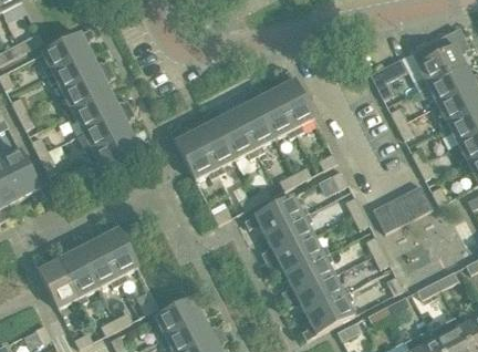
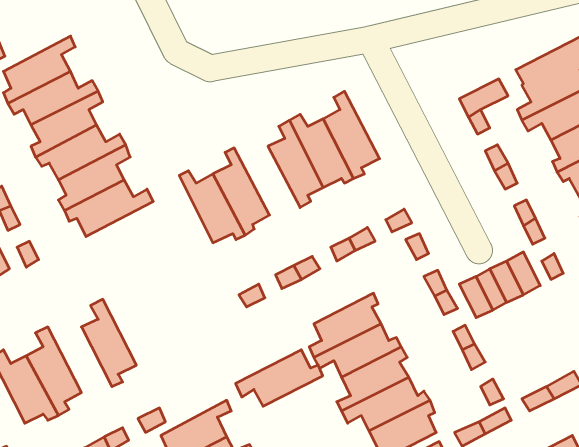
building: [209,105,257,157] -> none
building: [247,195,310,236] -> [236,350,323,406]
building: [74,235,121,286] -> none

